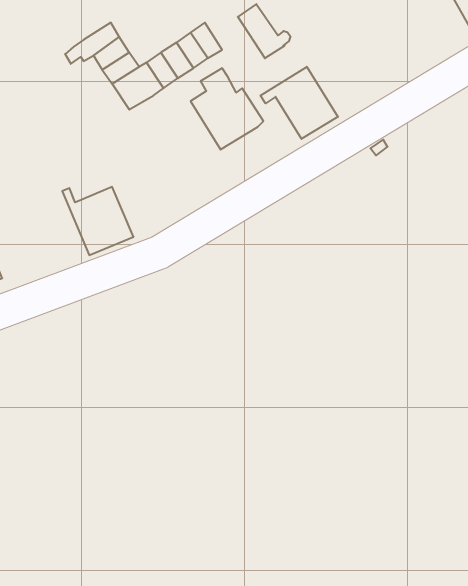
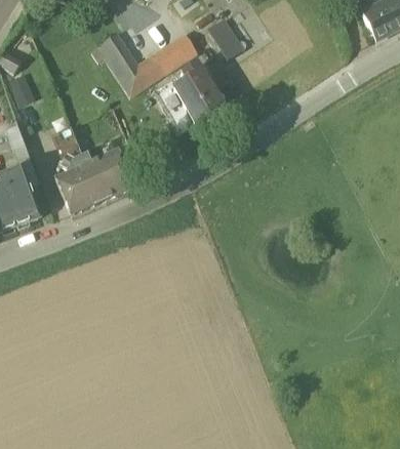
building: [261,67,338,139] -> none
building: none -> [52,126,102,212]

